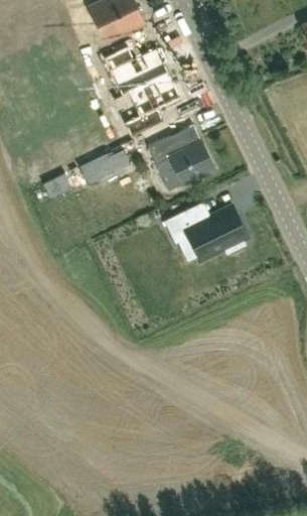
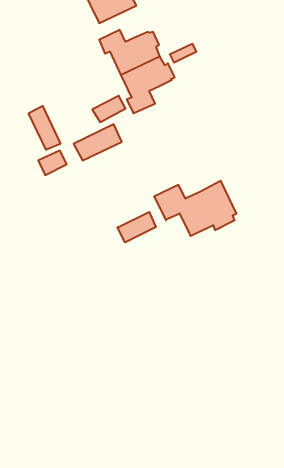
building: [149,127,213,183] -> none
building: none -> [29,106,60,150]
building: none -> [117,212,156,242]

